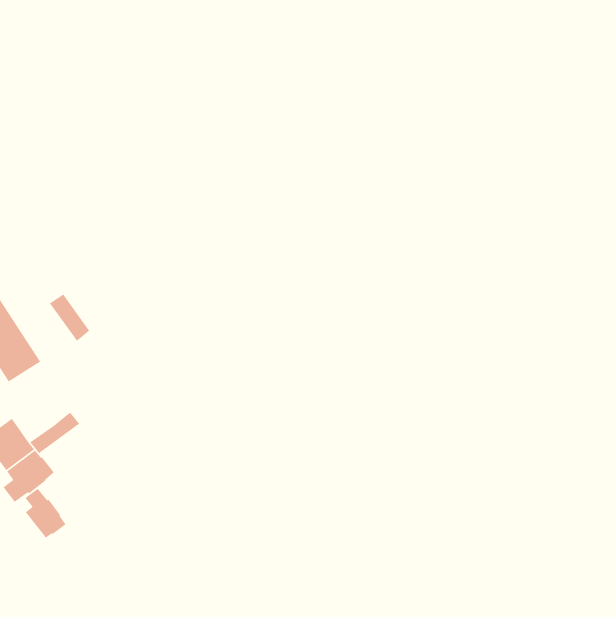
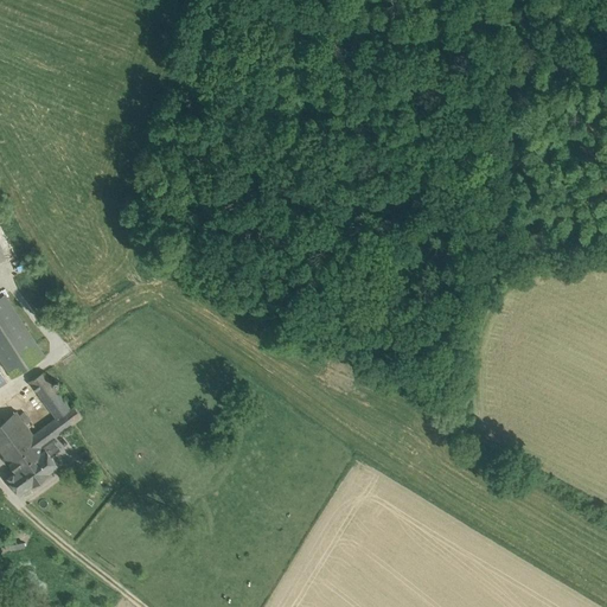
building: [49,293,90,342] -> [25,368,65,415]
building: [25,488,66,539] -> none

